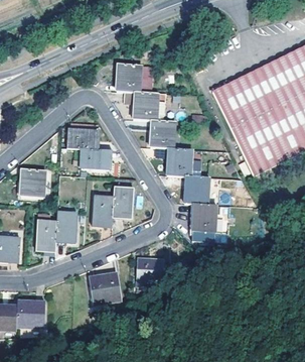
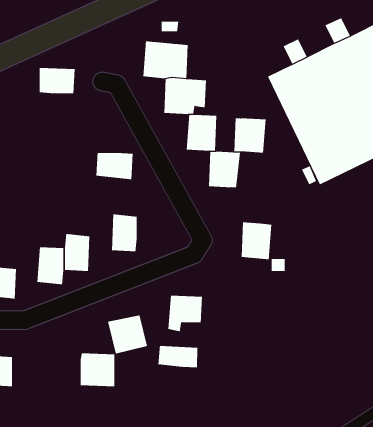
building: [69,128,98,148] -> [39,68,75,94]
building: [20,167,44,196] -> none
building: [184,175,209,203] -> [234,118,266,153]
building: [113,187,133,216] -> none
building: none -> [158,345,198,368]
building: [17,300,44,327] -> [80,353,115,387]

